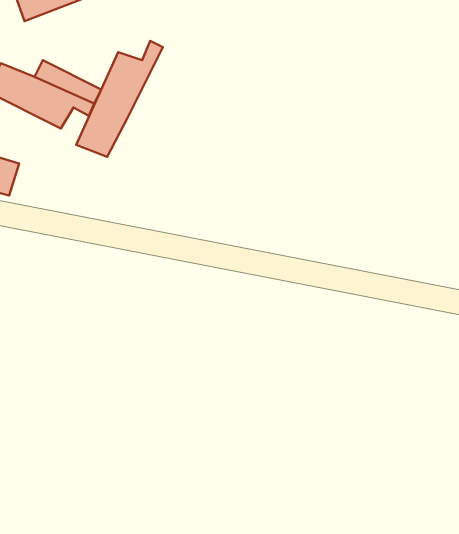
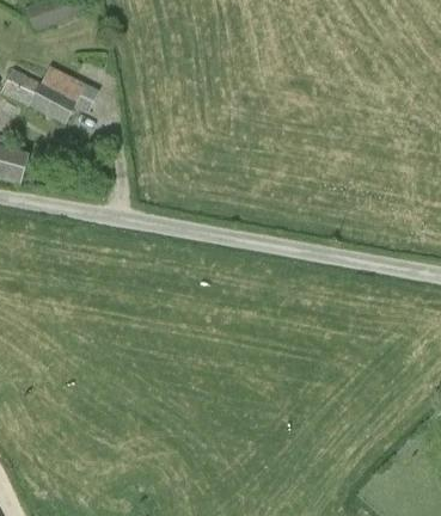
building: [76,41,163,157] -> none

